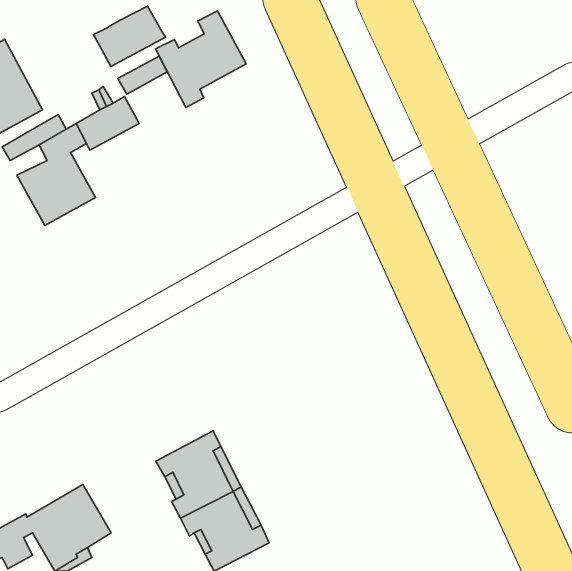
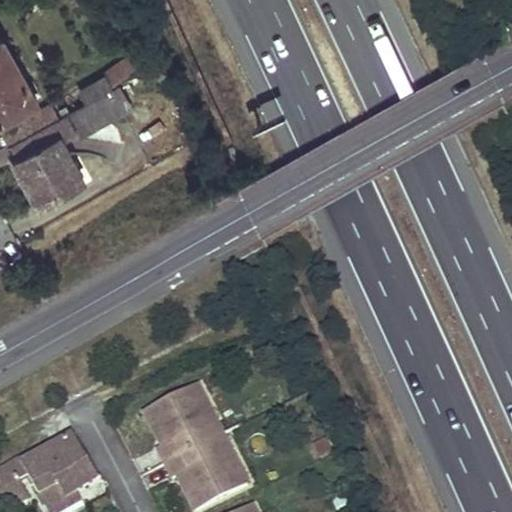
building: [94,6,166,67] -> none
building: [156,11,246,108] -> none

